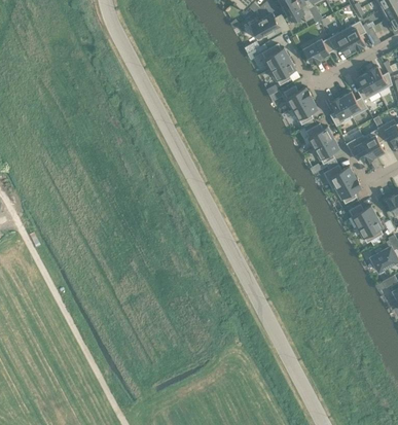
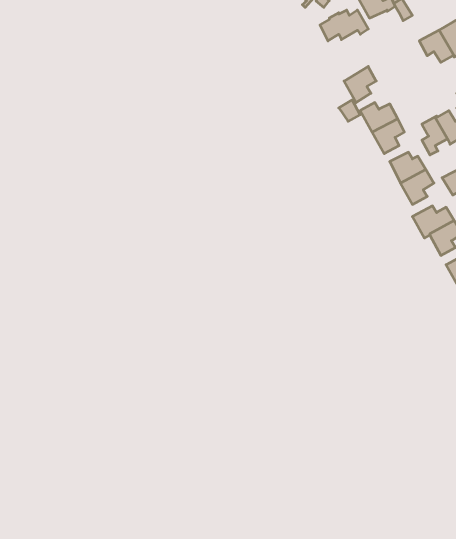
building: [303,38,334,64] -> none
building: [261,43,289,69] -> none

